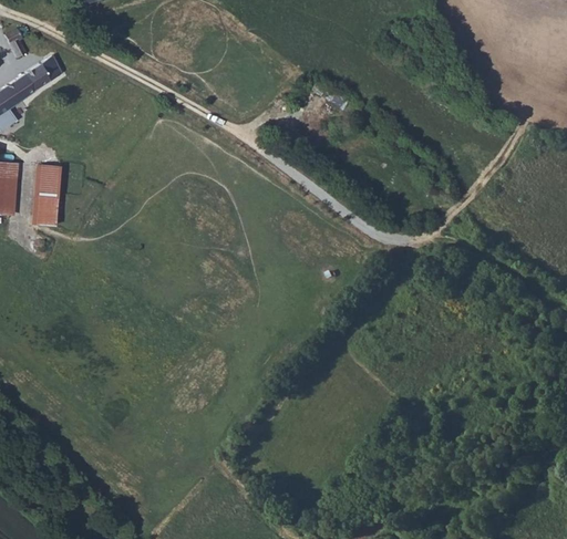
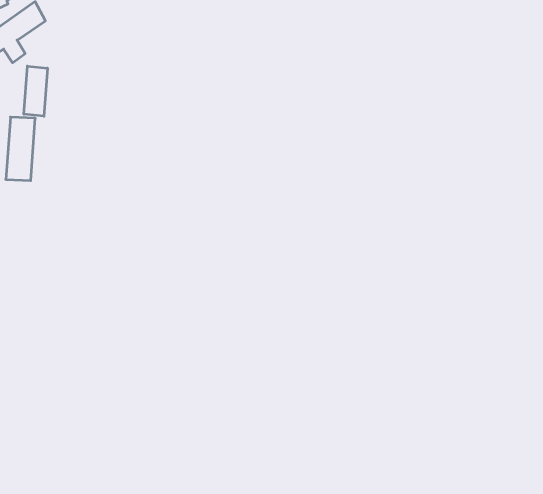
building: none -> [24,66,47,116]

